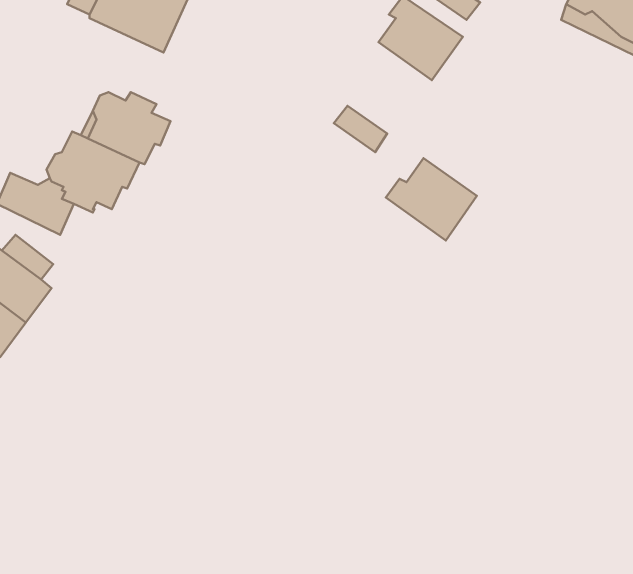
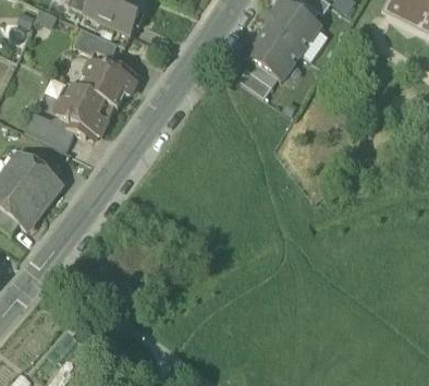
building: none -> [72,26,117,56]
building: [386,158,477,241] -> [242,27,299,80]

